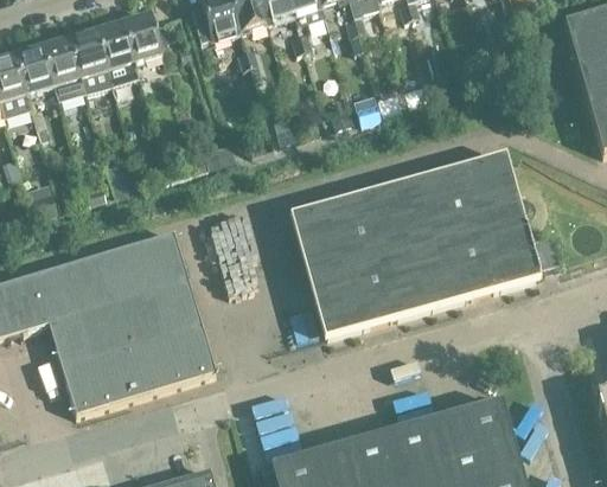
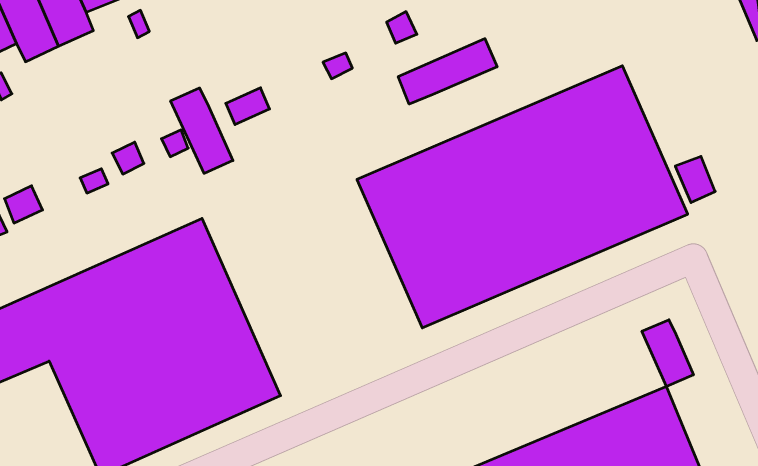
building: none -> [398,39,497,104]
building: none -> [171,88,233,173]
building: none -> [642,320,693,386]

